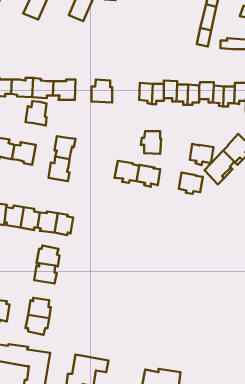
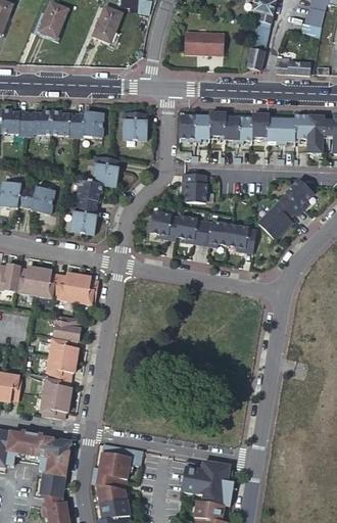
building: none -> [185,34,224,56]
building: [25,101,47,126] -> [92,156,117,186]
building: [190,144,213,165] -> [201,220,230,245]
building: none -> [49,353,77,378]

